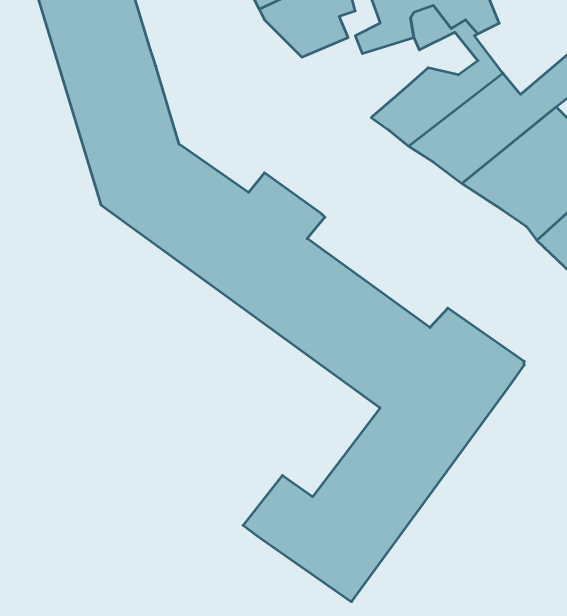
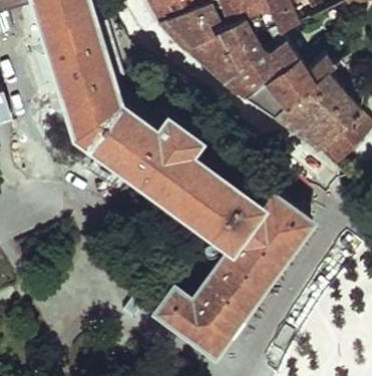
building: none -> [184,35,240,81]

